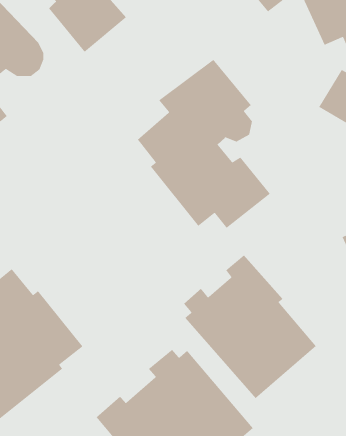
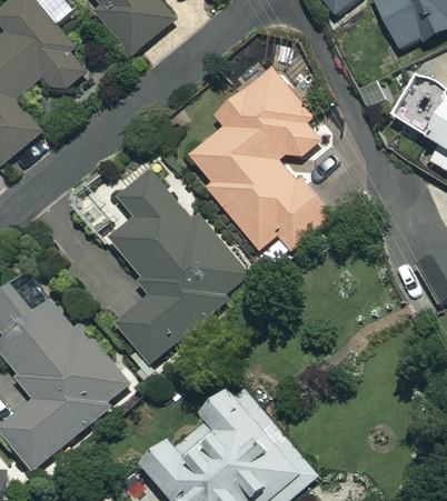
building: none -> [109,168,251,363]
building: [183,254,317,399] -> none

